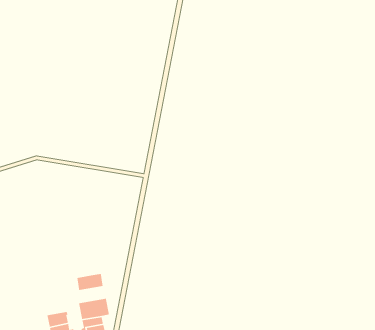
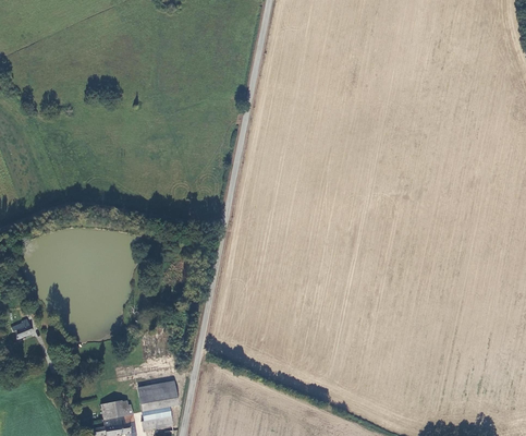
building: [76,273,104,291] -> none

